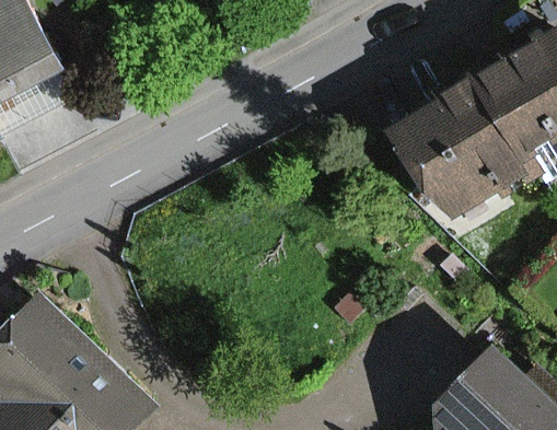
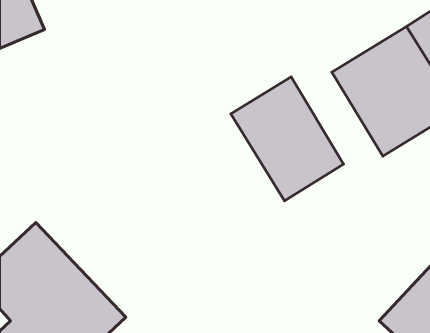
building: none -> [231,77,344,201]

